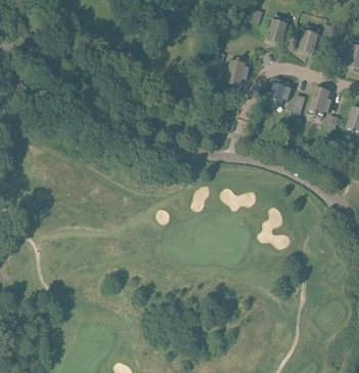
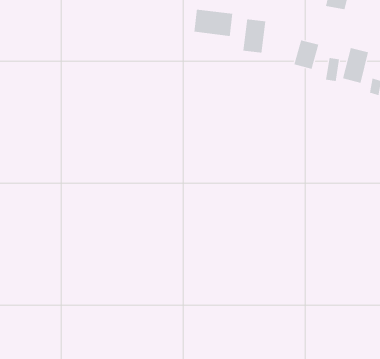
building: none -> [194,9,233,37]

